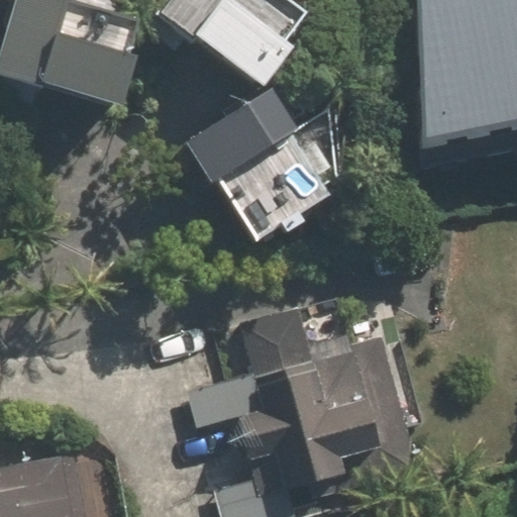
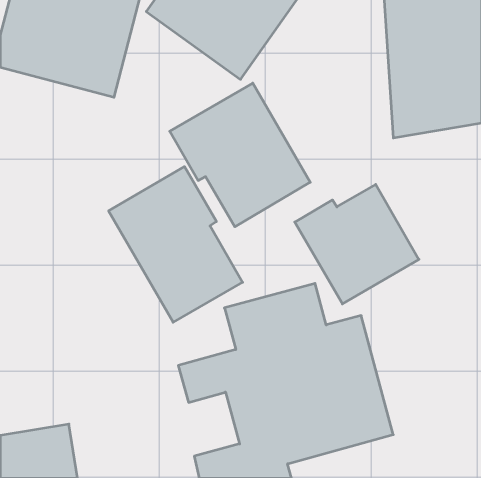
building: none -> [109,167,243,322]
building: none -> [295,184,419,304]

